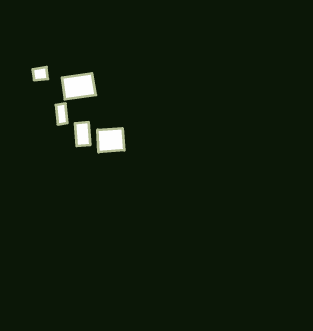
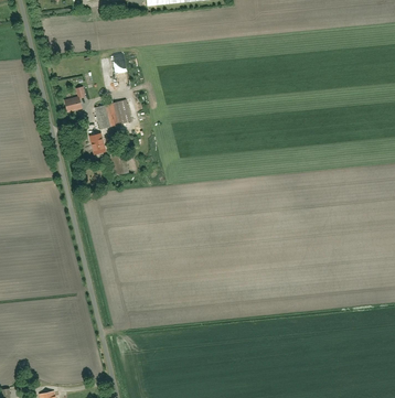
building: [98,128,124,152] -> none

